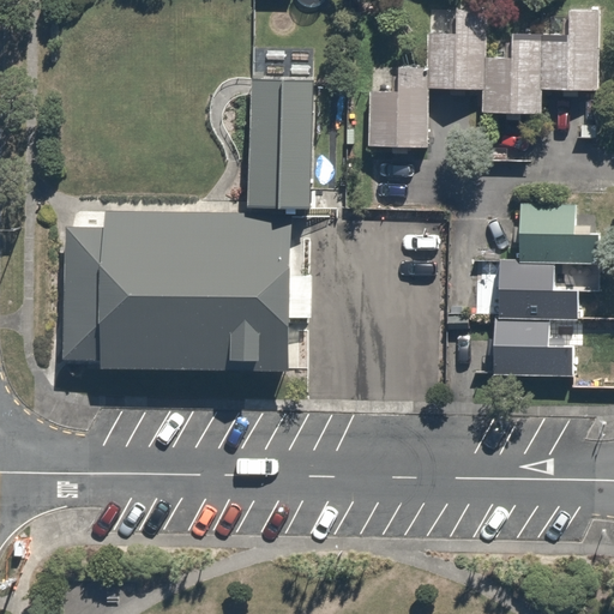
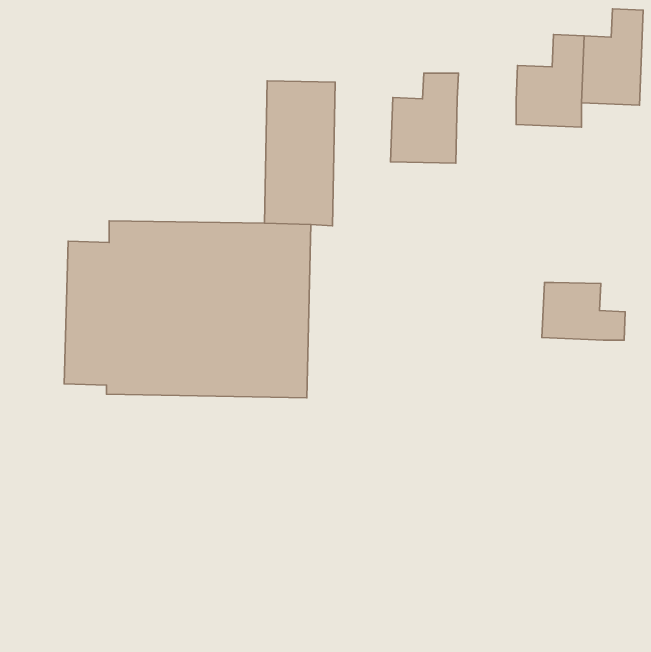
building: [427,8,484,94] -> none
building: [517,201,603,266] -> none
building: [490,315,579,381] -> none

